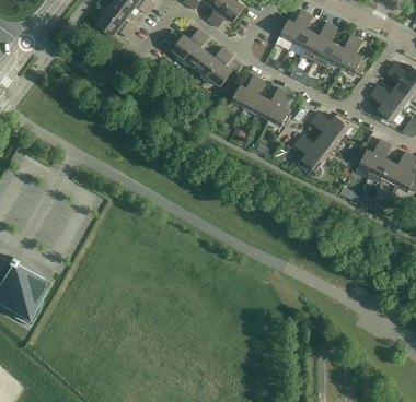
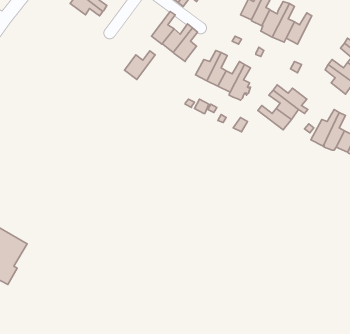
building: [171,28,204,59] -> [124,51,155,79]
building: [340,37,366,76] -> none
building: [293,139,325,177] -> none

